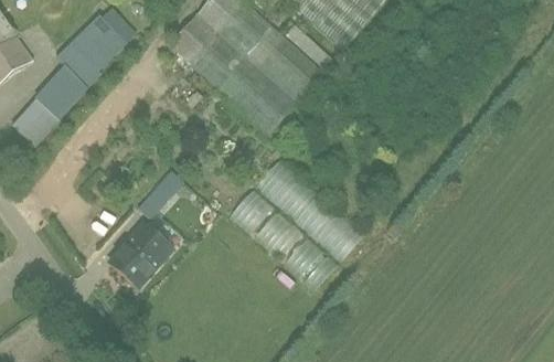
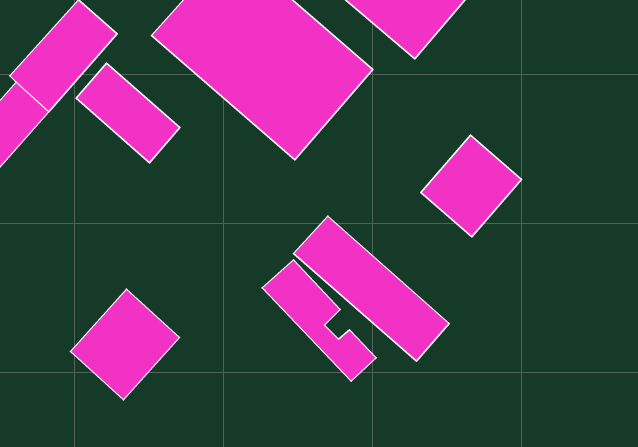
building: none -> [76,63,180,163]
building: none -> [421,135,521,237]
building: [139,170,184,217] -> none

